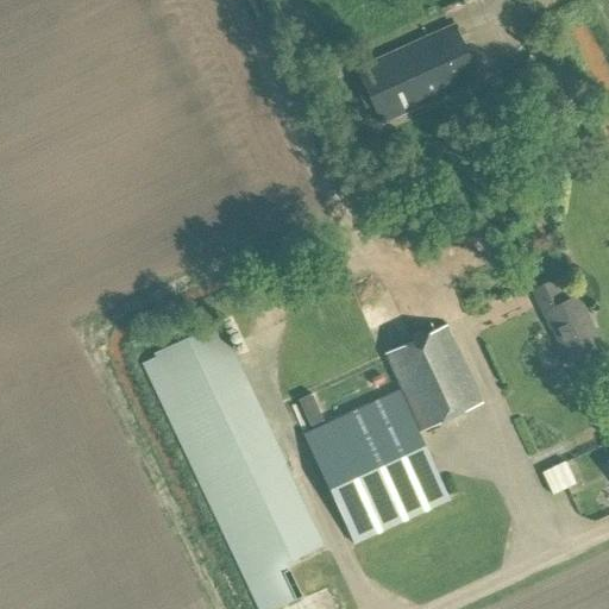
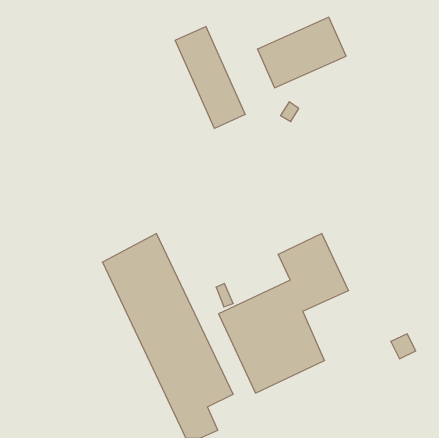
building: none -> [175,26,245,128]
building: [534,276,601,358] -> none

